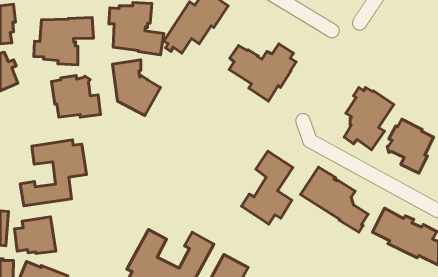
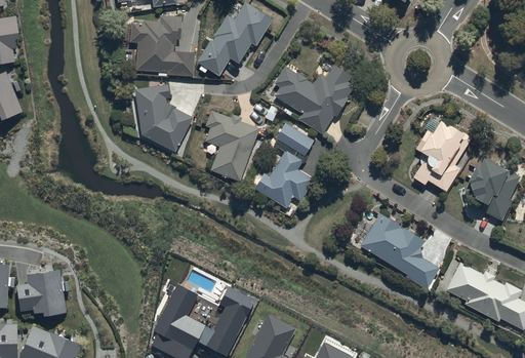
building: [34,17,94,65] -> none
building: [52,75,101,117] -> none
building: none -> [203,109,259,182]
building: [20,140,86,206] -> none
building: [241,151,293,224] -> [253,121,315,208]

